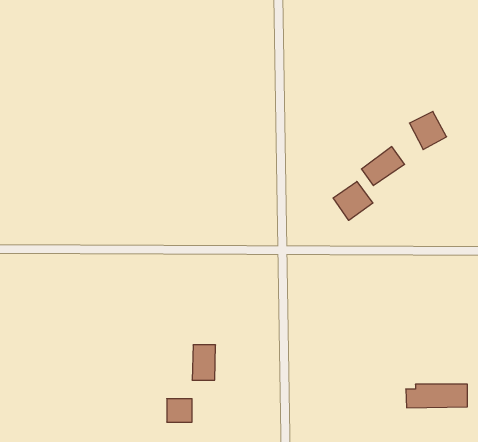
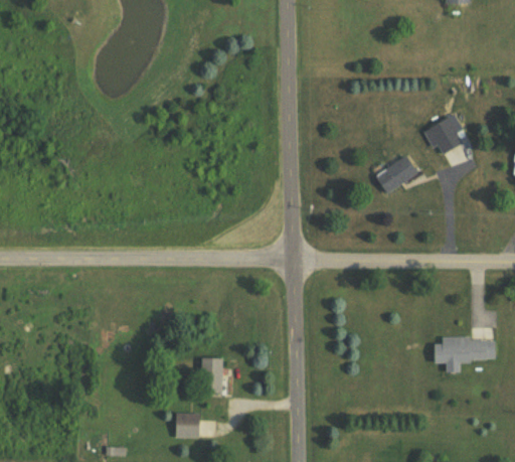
building: [333,181,373,220] -> none
building: [406,384,467,408] -> [427,339,491,363]

